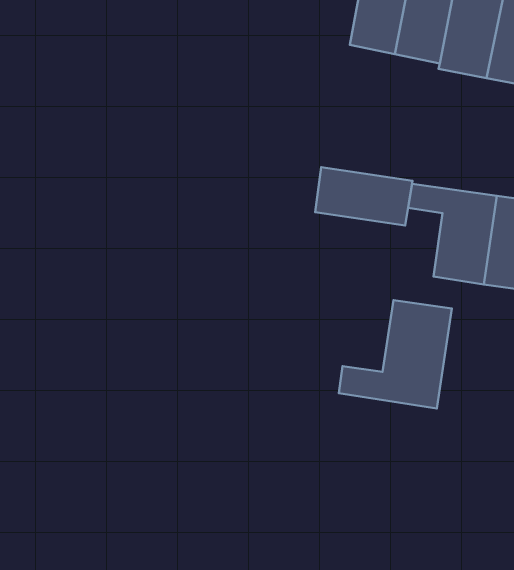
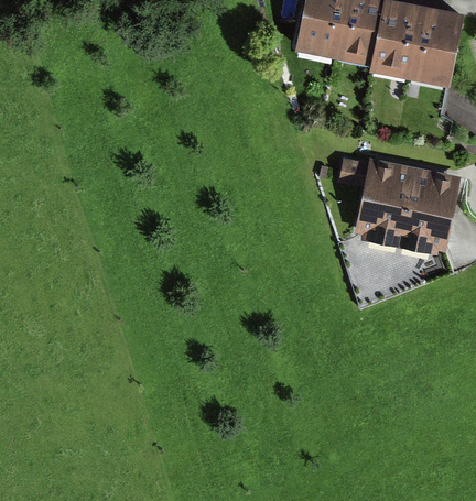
building: [315,167,413,225] -> none
building: [339,300,452,409] -> none

